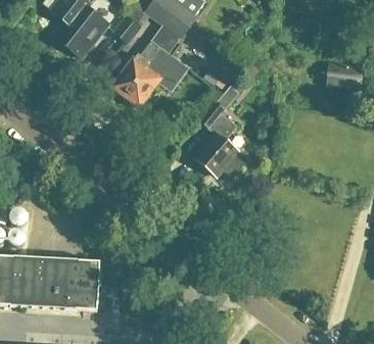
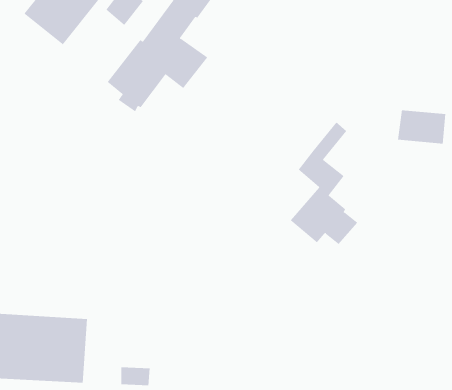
building: [327,62,364,88] -> [397,110,446,144]
building: [196,84,247,176] -> [290,121,358,245]

